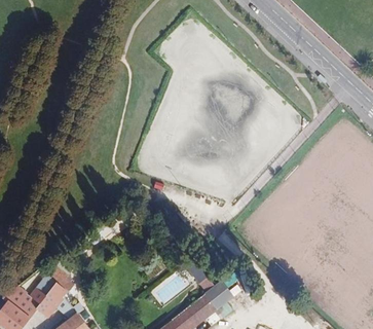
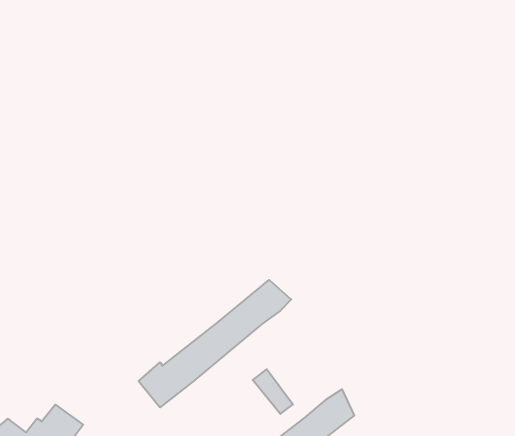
building: none -> [139,280,291,407]

